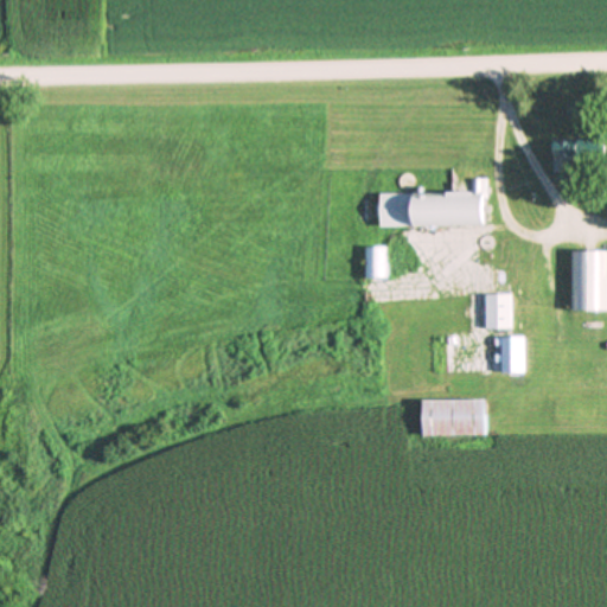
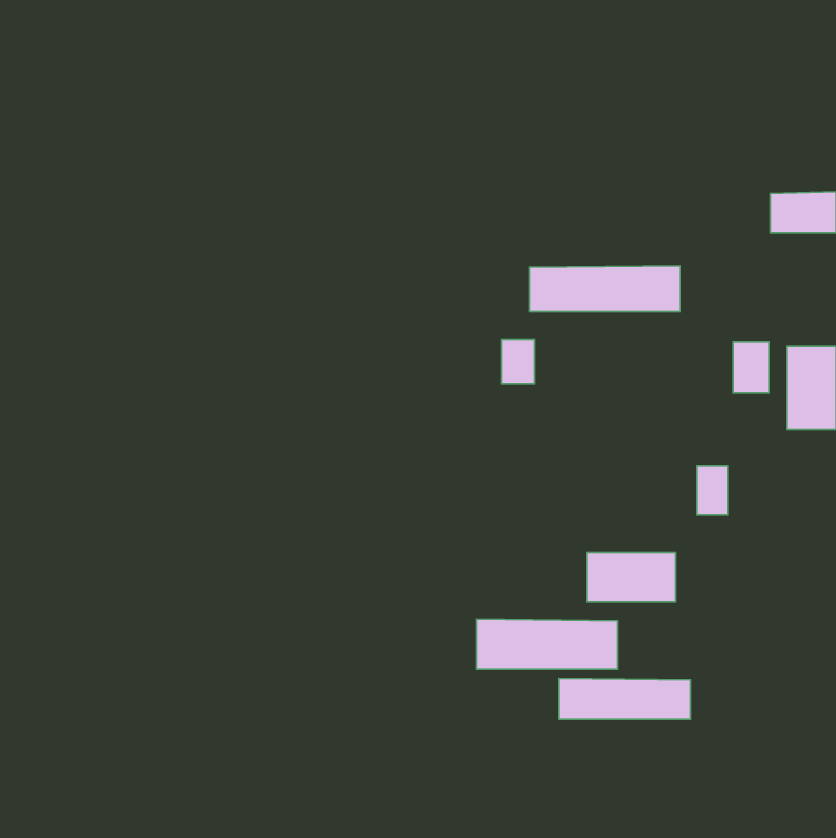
building: [486,293,512,330] -> [733,342,769,393]
building: none -> [476,619,618,669]
building: none -> [559,678,690,719]

